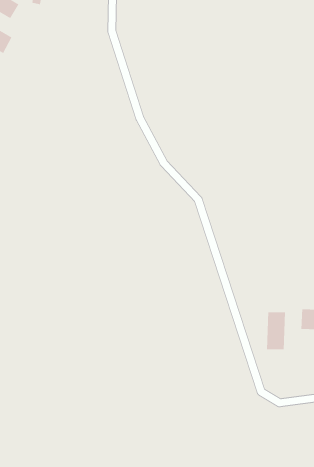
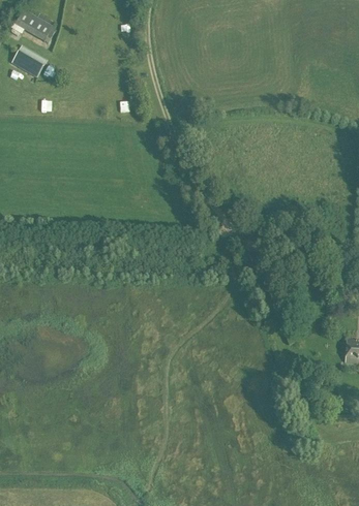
building: [266,311,286,350] -> none

